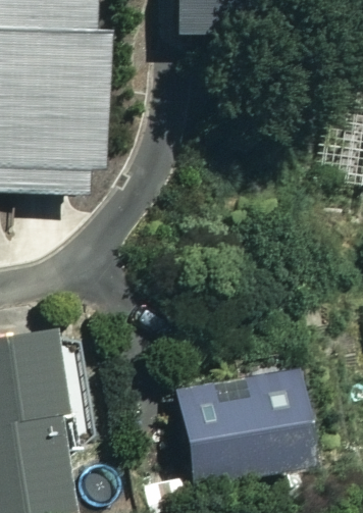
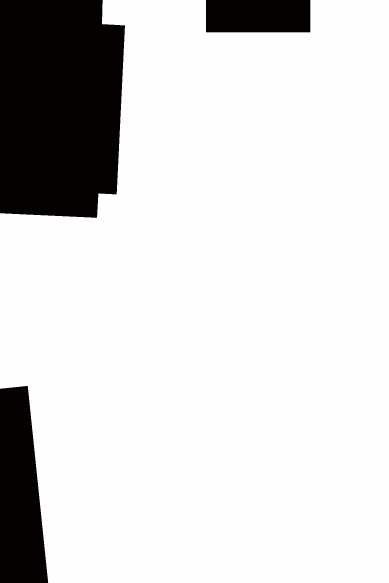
building: [163,370,282,479] -> none

